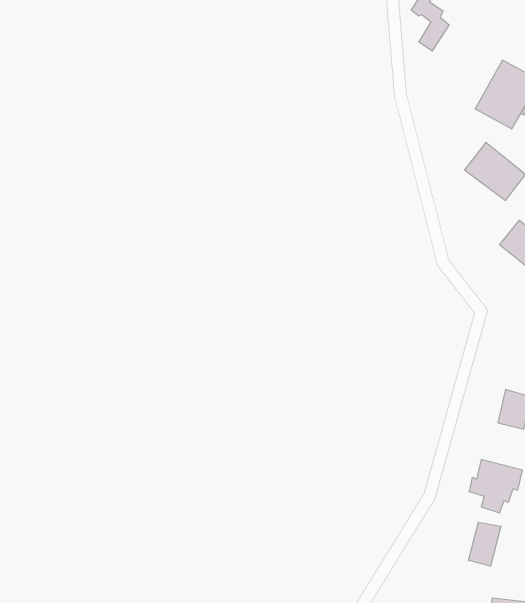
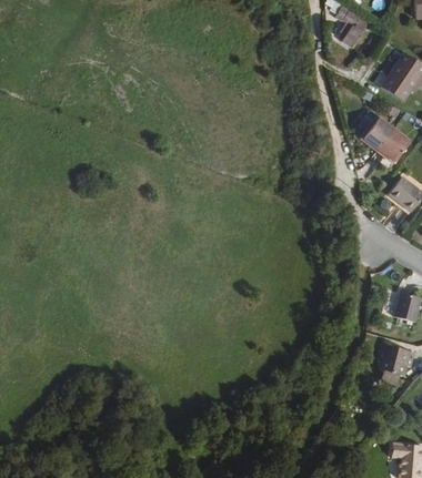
building: [468,522,501,566] -> none

